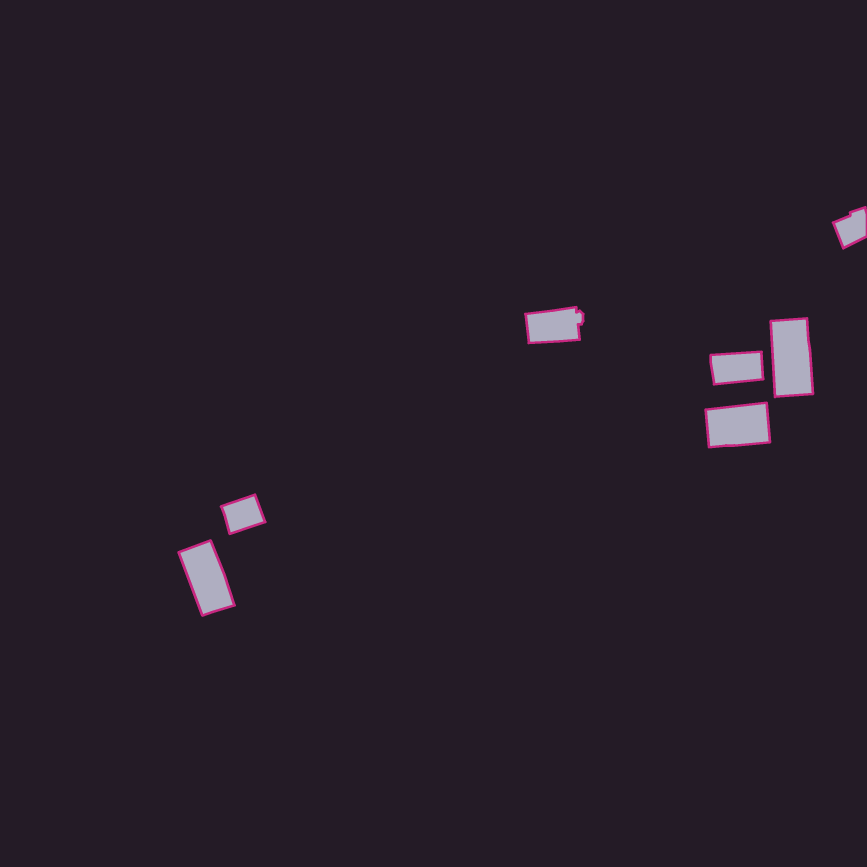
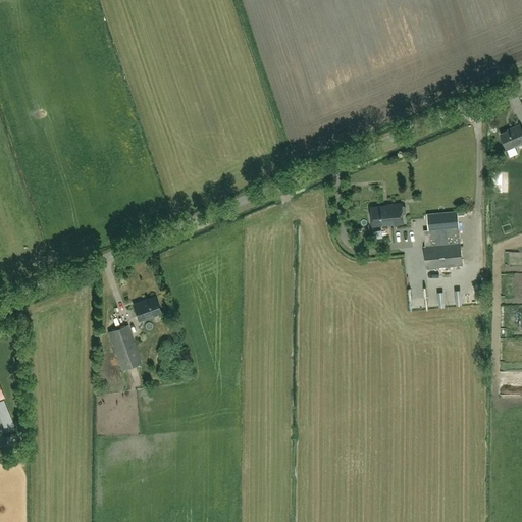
building: [525,307,583,343] -> [370,204,405,225]
building: [771,318,813,397] -> none

